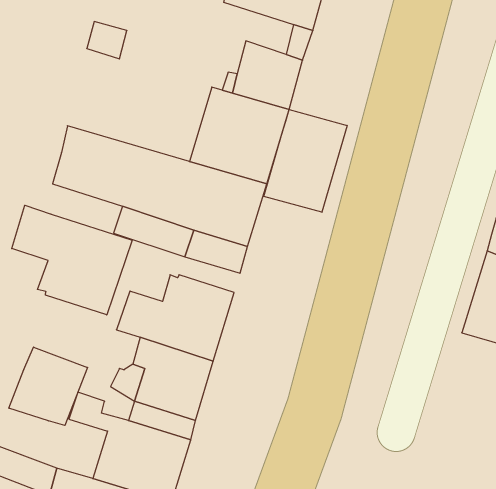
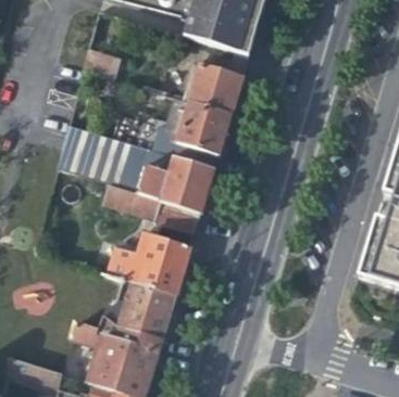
building: [264,109,347,212] -> none
building: [12,205,132,315] -> none
building: [9,347,88,425] -> none

